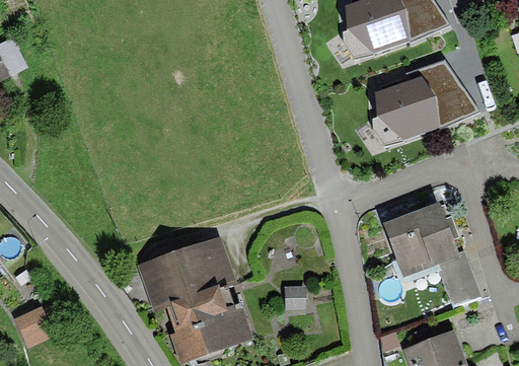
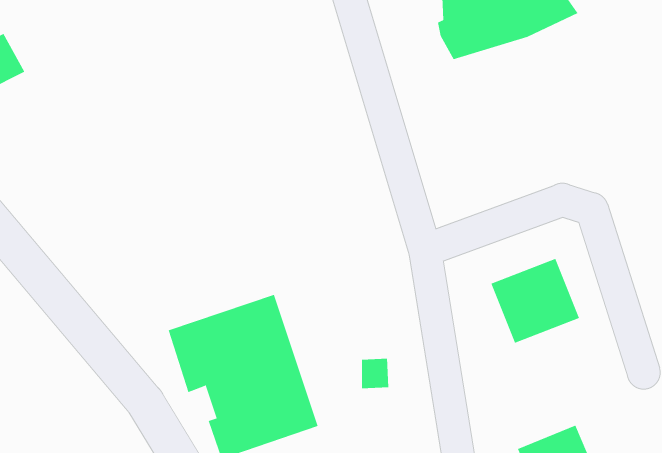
building: [370,62,479,146] -> none
building: [443,258,485,306] -> none
building: [15,307,54,347] -> none

